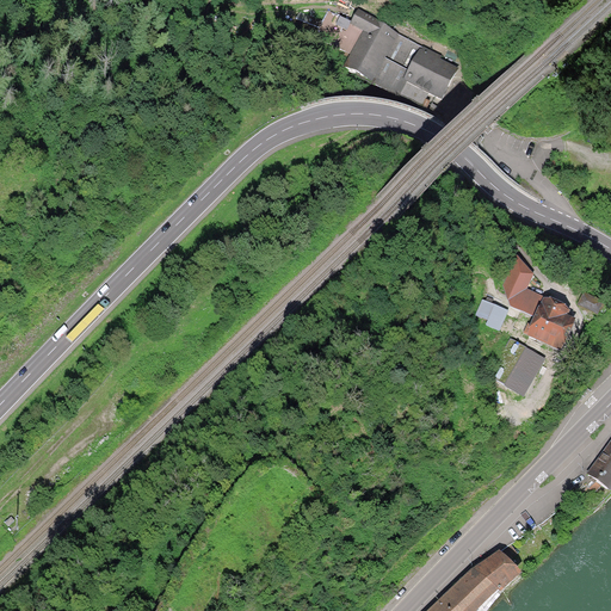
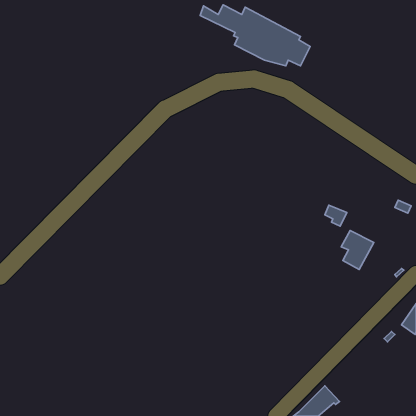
building: [506,260,579,352] -> none
building: [476,550,518,591] -> none

